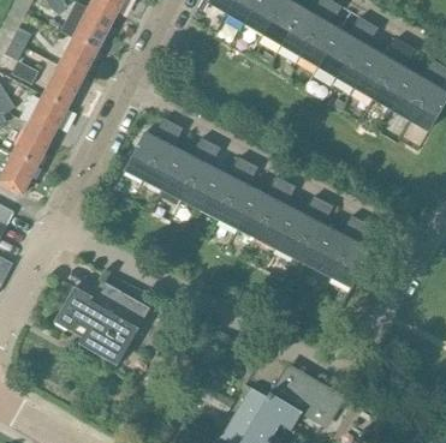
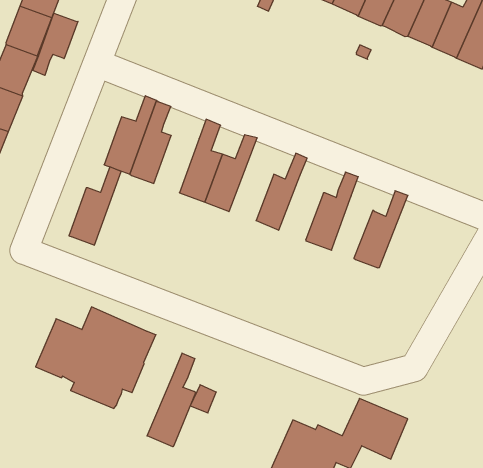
building: none -> [33,13,78,75]
building: [162,138,209,198] -> [69,167,121,245]
building: [219,162,257,227] -> none
building: [256,182,296,246] -> none
building: [296,202,333,265] -> none
building: [332,221,370,286] -> none
building: none -> [147,353,196,447]

